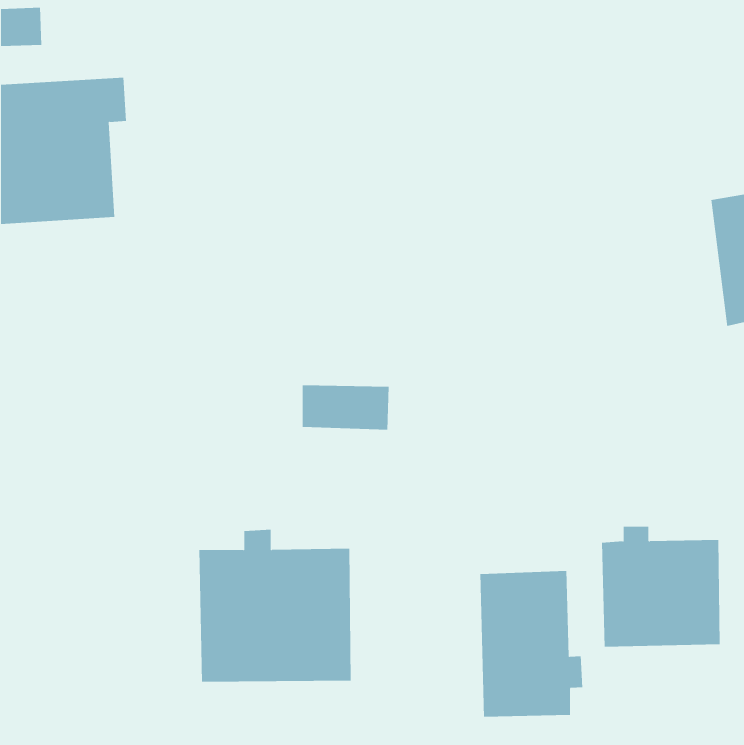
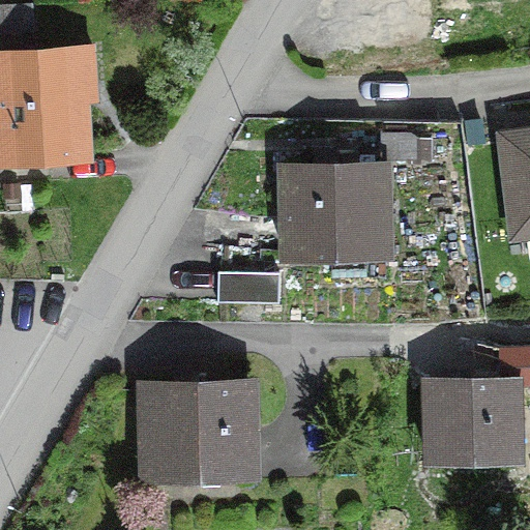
building: none -> [283,152,383,260]
building: [480,570,583,717] -> none

